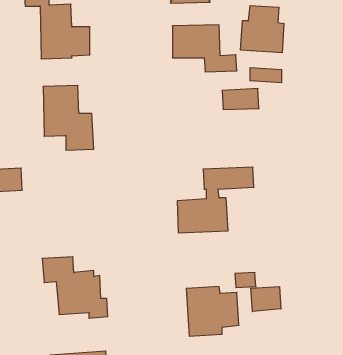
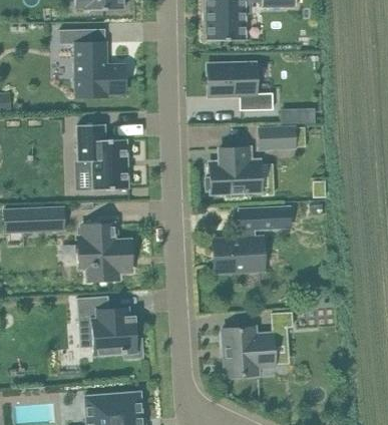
building: [241,6,284,53] -> none
building: none -> [206,147,261,196]
building: none -> [78,219,133,281]
building: [251,287,281,312] -> none

